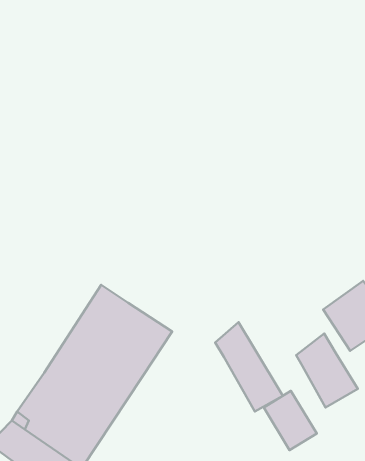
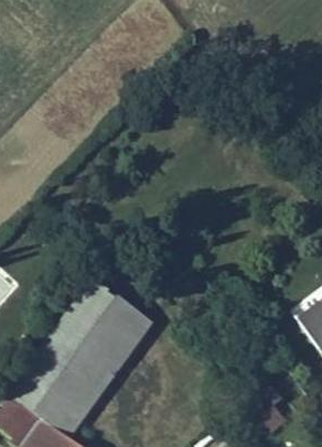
building: [215,322,283,411] -> none
building: [296,333,358,408] -> none

